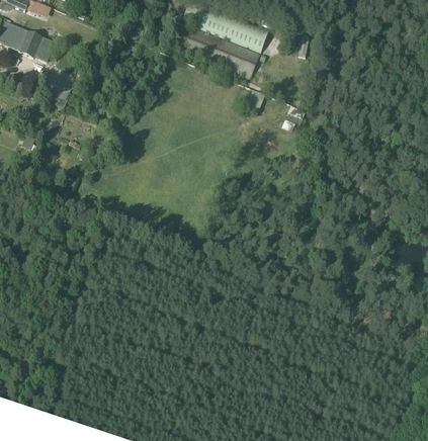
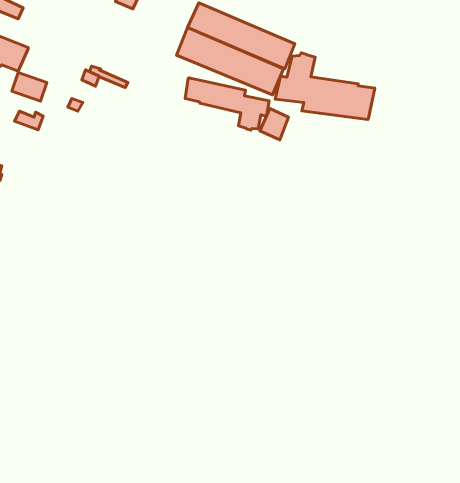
building: none -> [275,53,375,119]
building: none -> [185,78,269,130]

